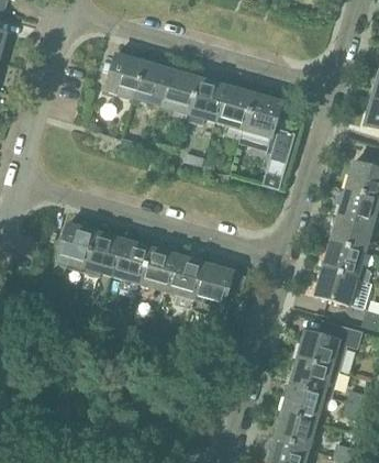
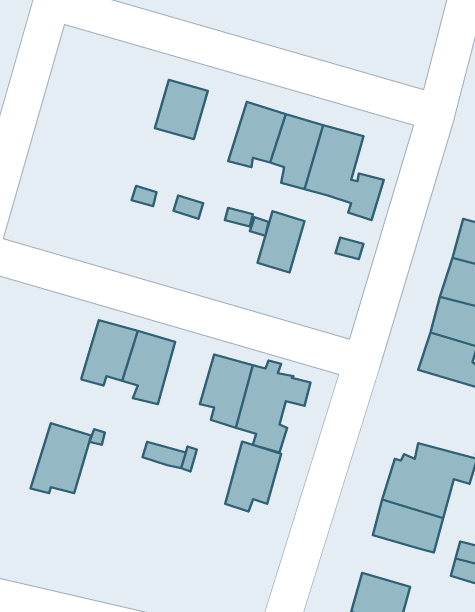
building: [105,54,145,97] -> none
building: [163,70,200,120] -> none
building: none -> [258,211,305,273]
building: [53,223,96,273] -> [30,423,91,493]
building: [137,247,177,297] -> [225,441,281,512]
building: [313,267,355,305] -> none
building: [281,384,323,420] -> none

